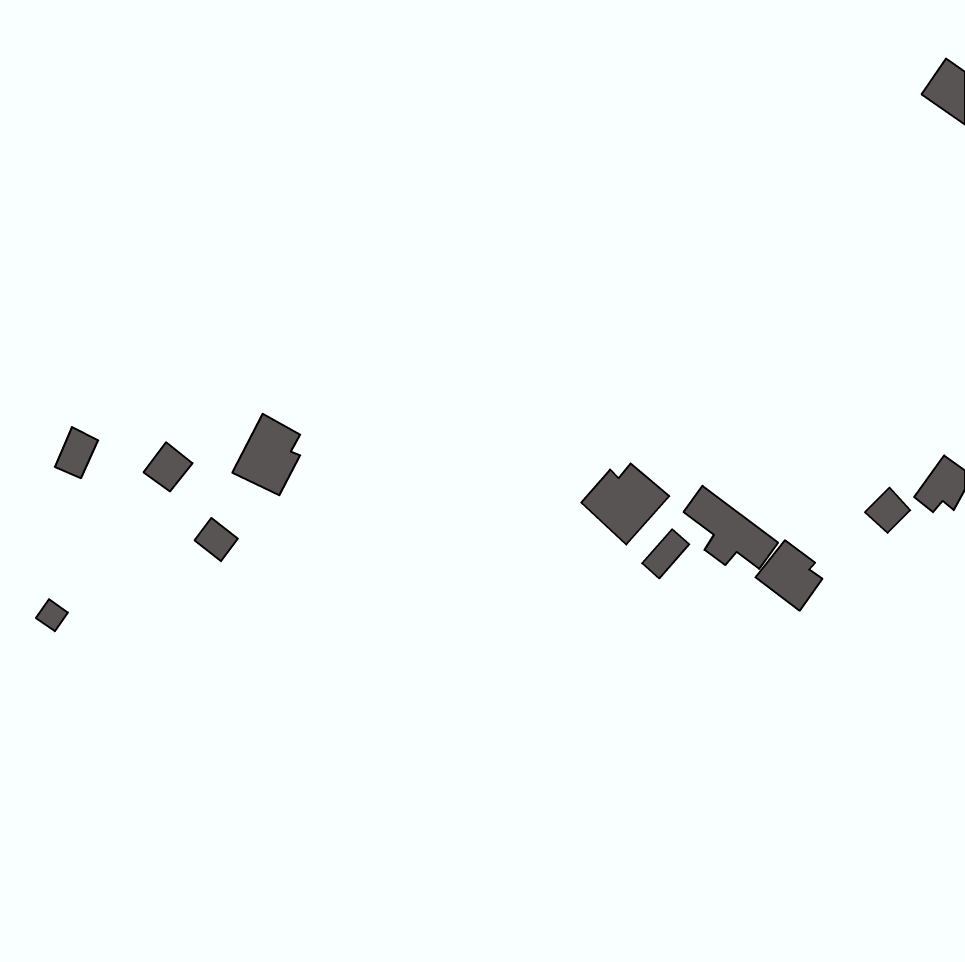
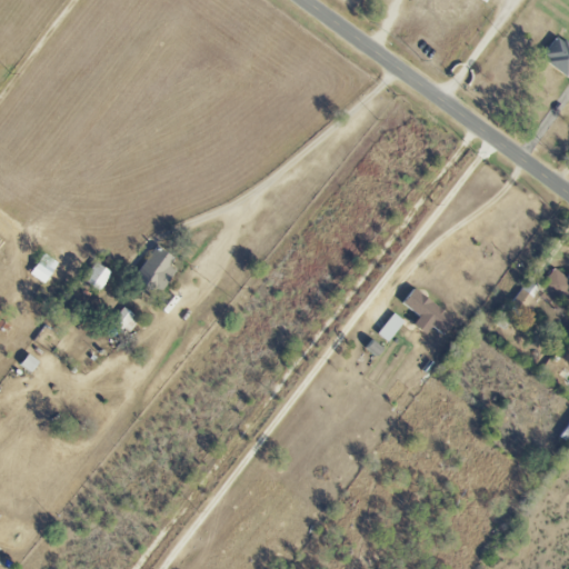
building: [581,463,669,545] -> none
building: [755,540,822,611] -> none

